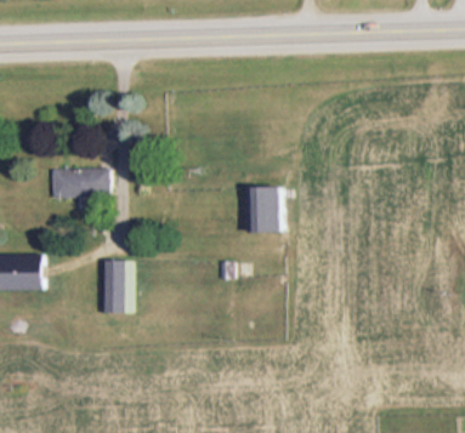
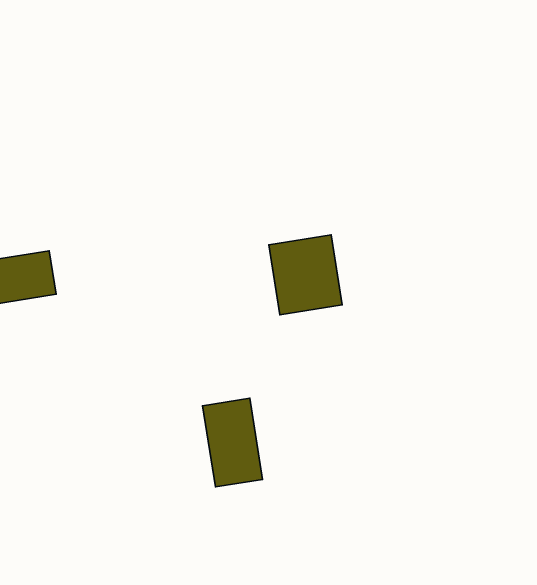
building: [97,261,127,313] -> [203,398,263,487]

